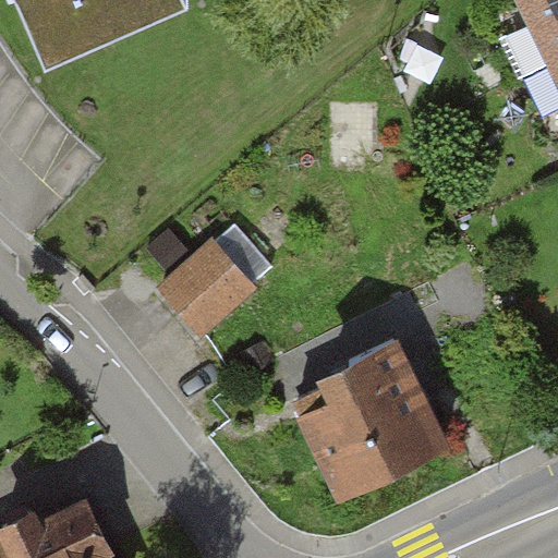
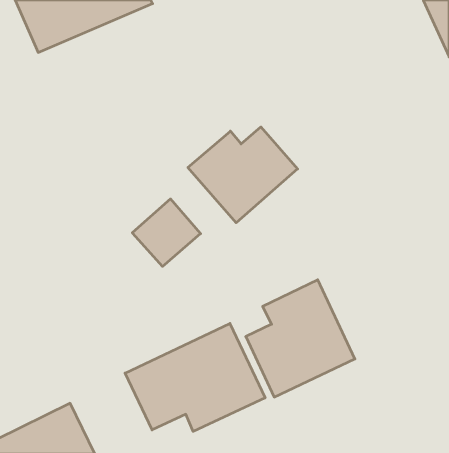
building: none -> [188,127,298,223]
building: none -> [125,323,265,431]

